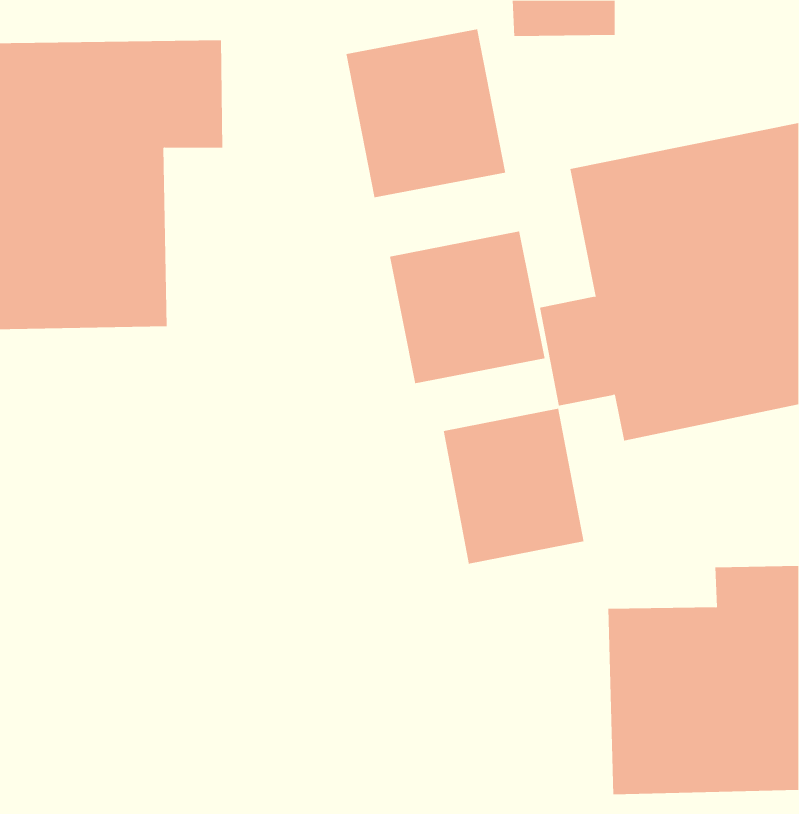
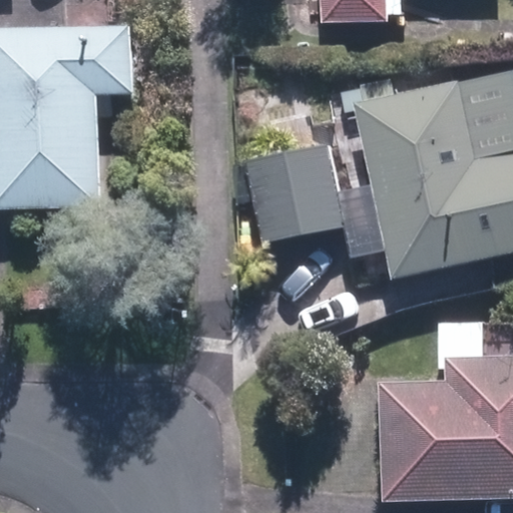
building: [346,29,506,198] -> none
building: [443,408,584,564] -> none

